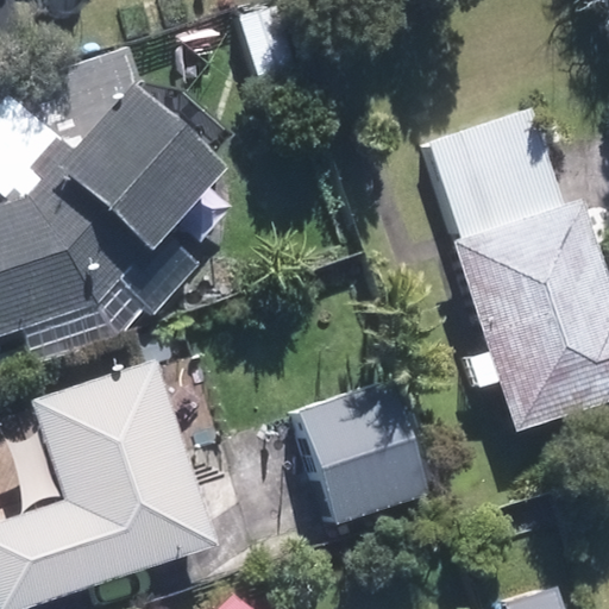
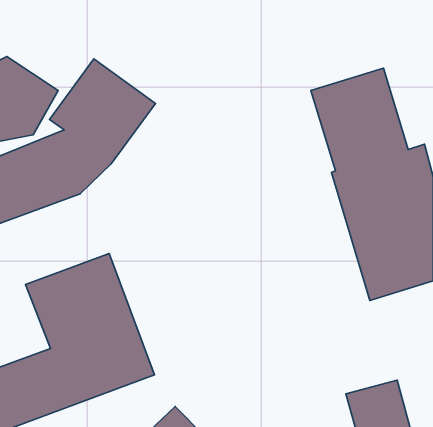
building: [312,422,429,534] -> none

